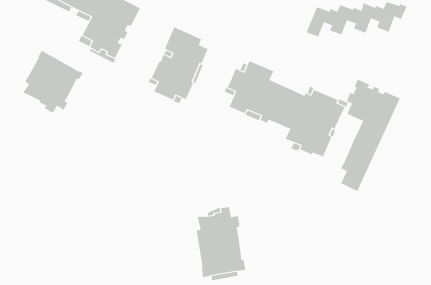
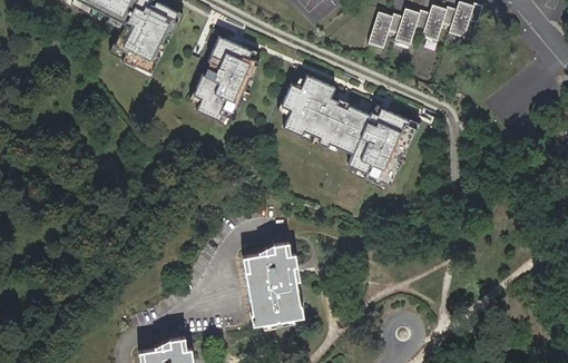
building: [22,50,83,114] -> none
building: [340,79,400,192] -> none

